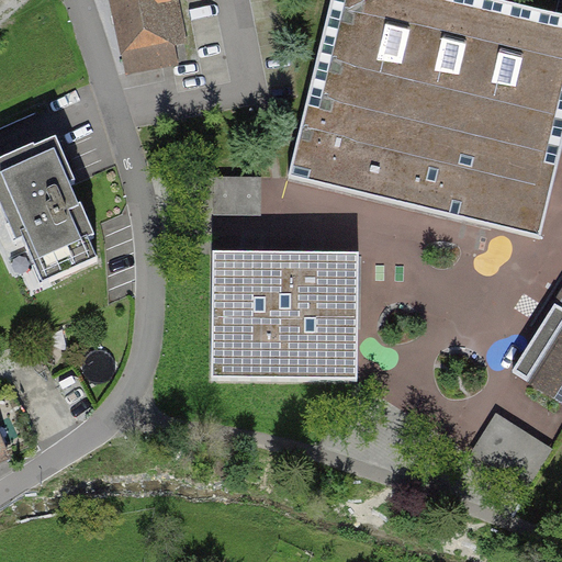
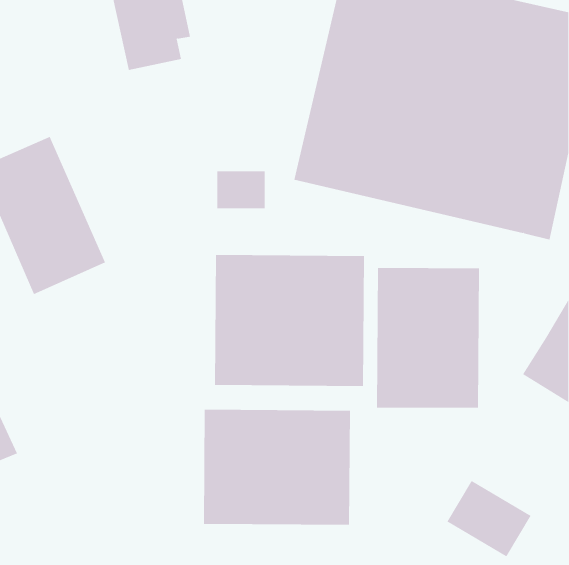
building: none -> [376,267,480,409]
building: none -> [203,409,350,526]
building: [471,405,554,481] -> [447,480,531,557]

